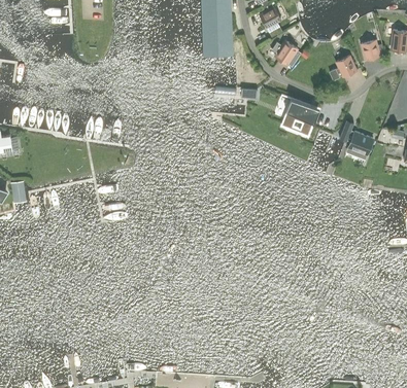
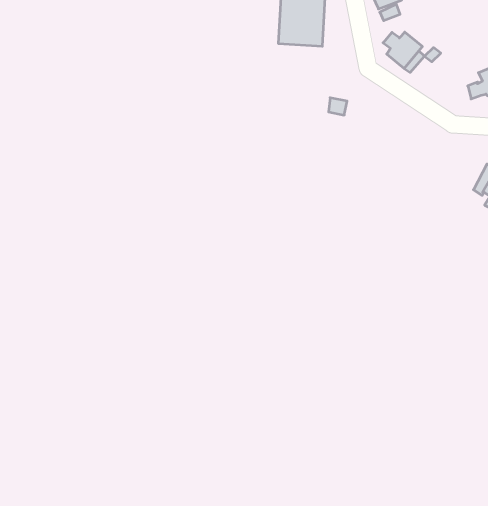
building: [281,94,319,135] -> none

